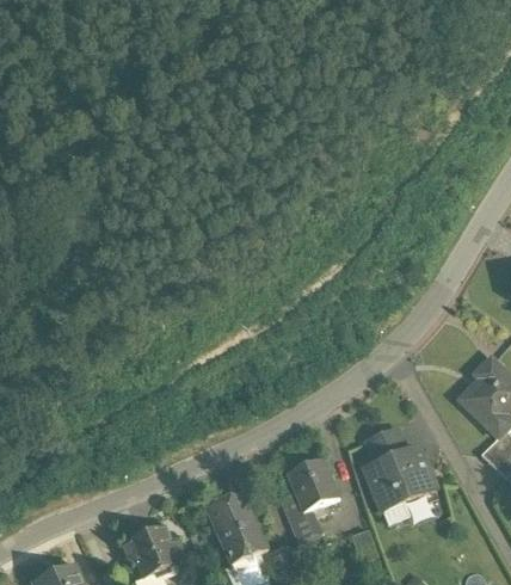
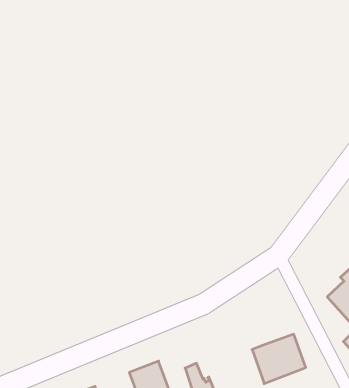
building: [368,429,406,464] -> none
building: [285,457,339,512] -> none

